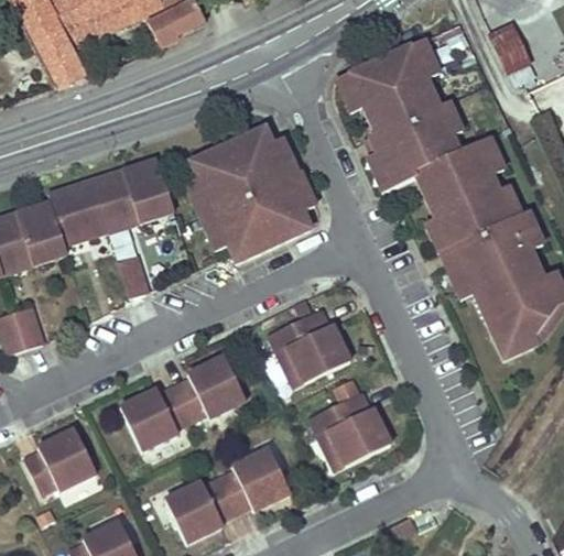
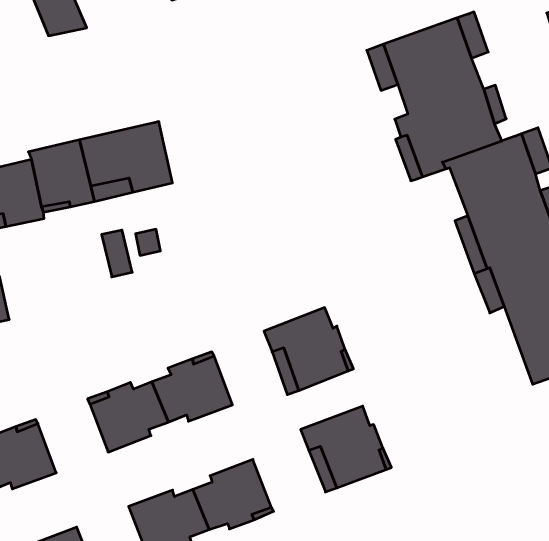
building: [188,127,308,262] -> none

